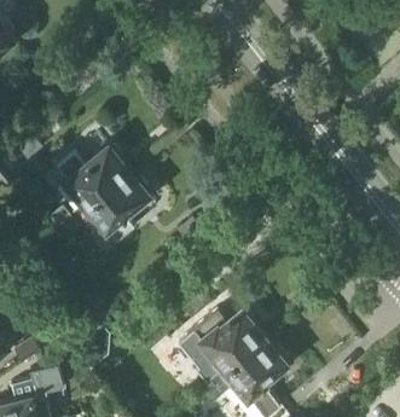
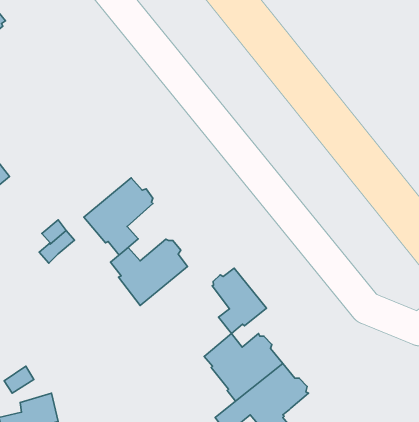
building: [59,149,128,208] -> [110,239,188,306]
building: none -> [212,268,267,334]

